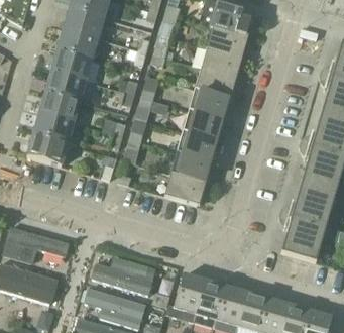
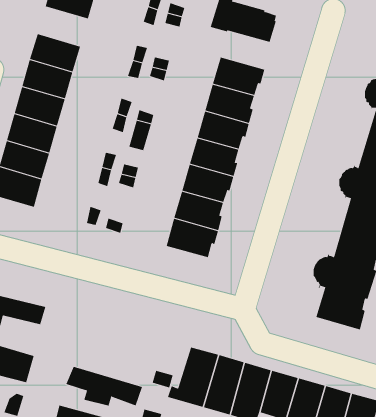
building: [64,8,104,39] -> none
building: [207,27,246,58] -> none
building: [91,260,152,295] -> none

